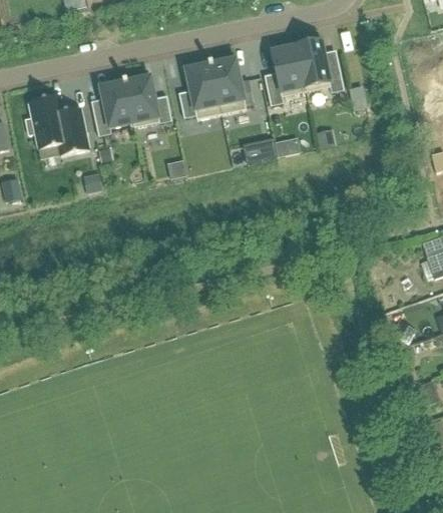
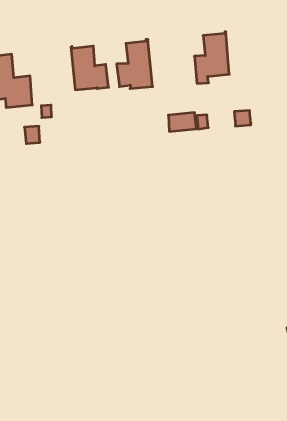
building: [297,40,344,92] -> none
building: [210,57,251,113] -> none
building: [93,79,135,135] -> none

